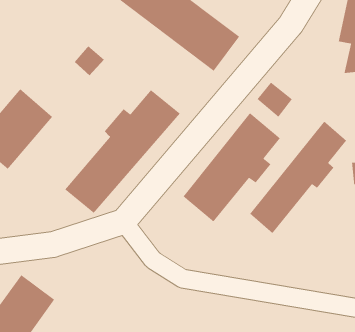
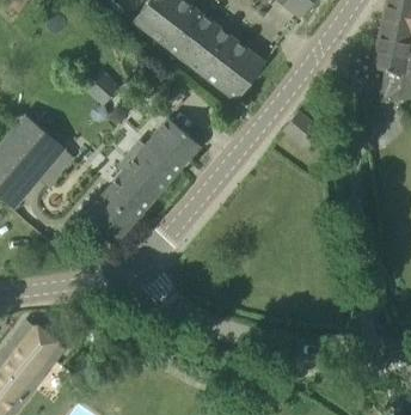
building: [182,112,281,223] -> none
building: [249,120,347,234] -> none

